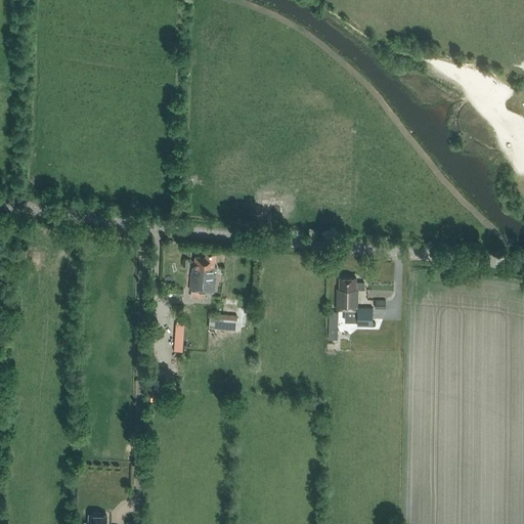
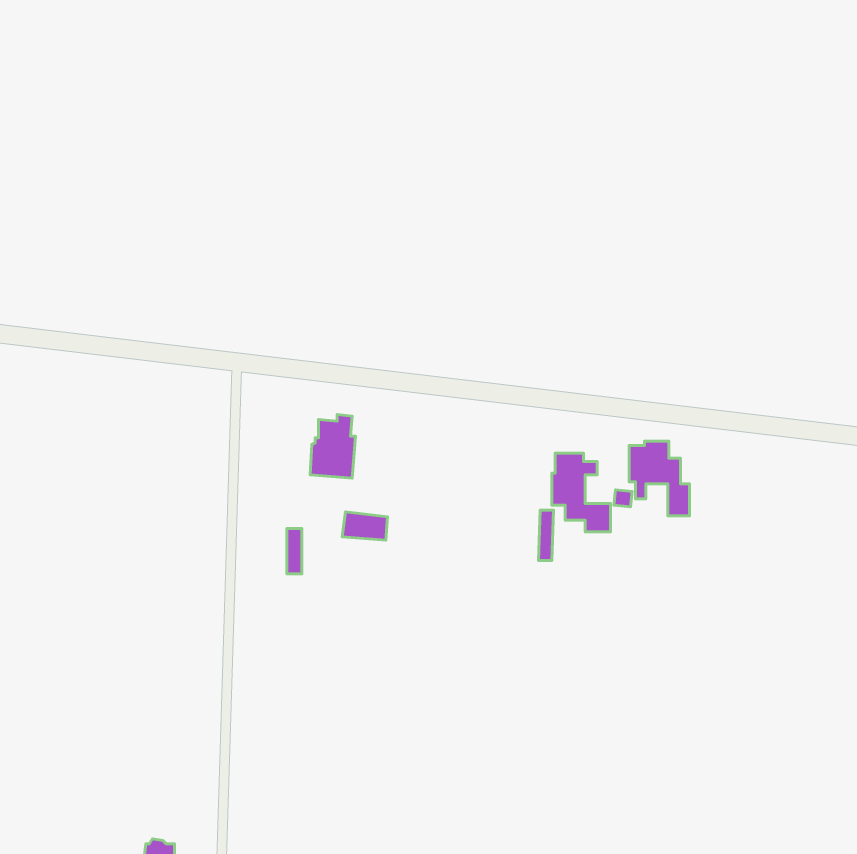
building: none -> [629,441,690,516]

